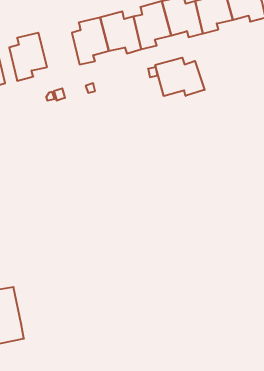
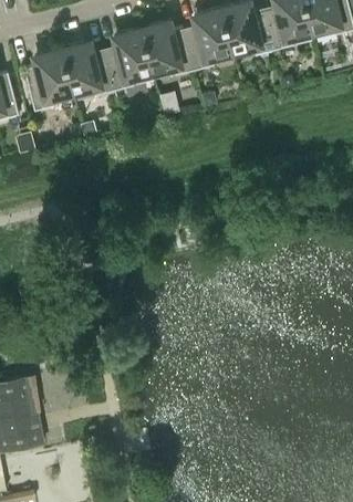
building: none -> [61,41,114,94]
building: [155,58,205,96] -> none

